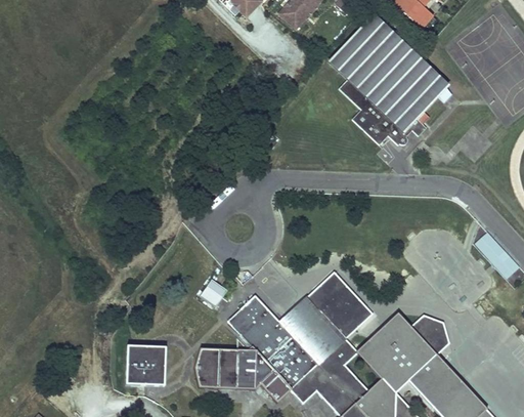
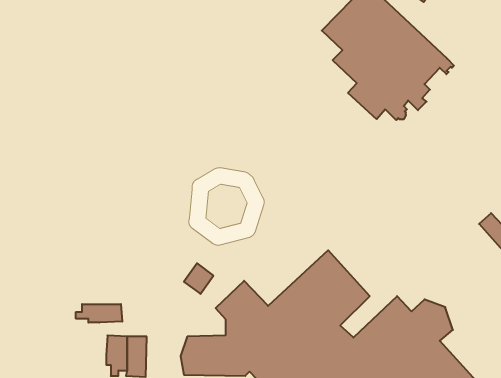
building: none -> [76,304,122,323]

